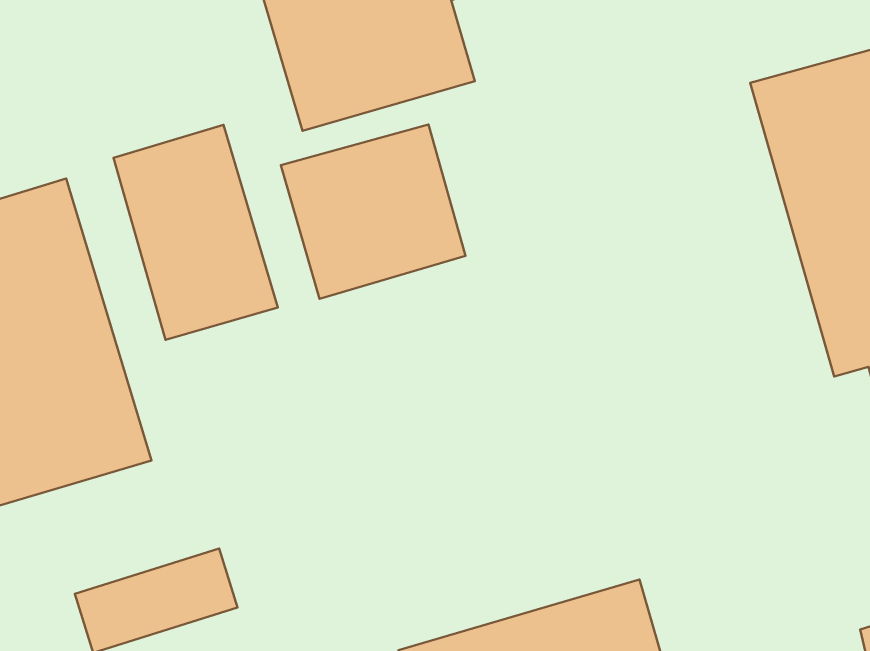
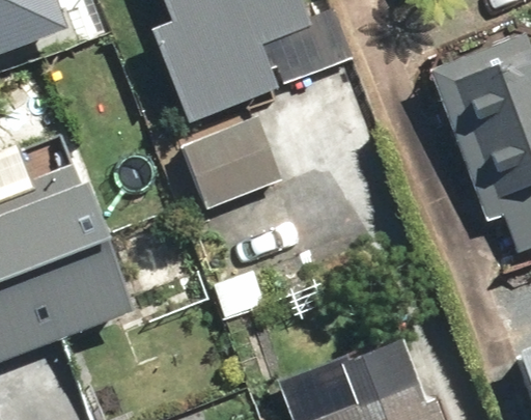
building: [114,125,278,340] -> none

